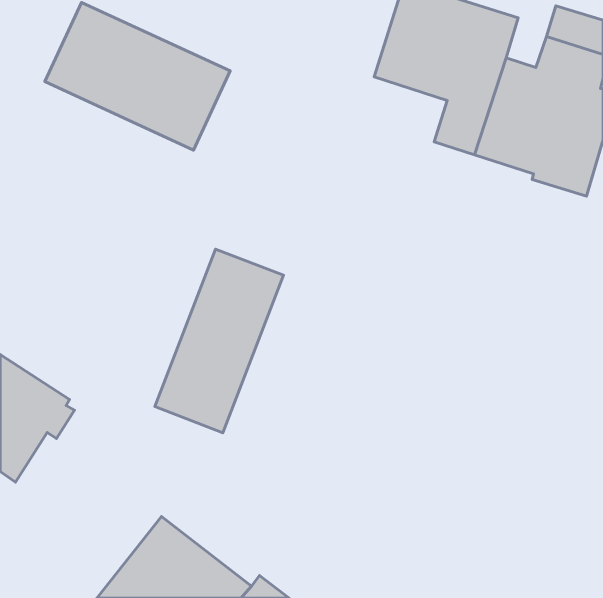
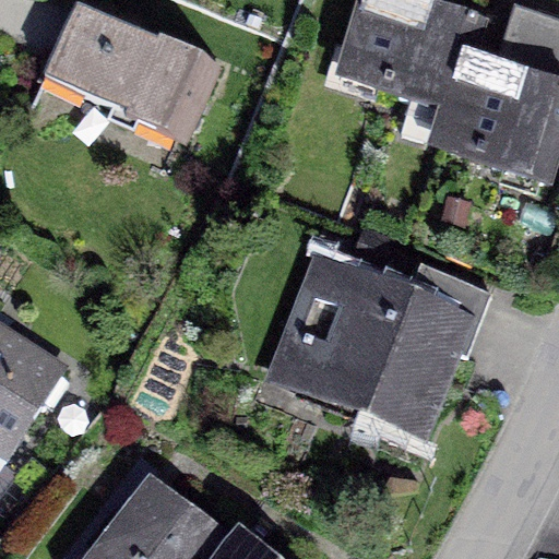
building: [155,249,283,433] -> none
building: none -> [289,261,481,462]

